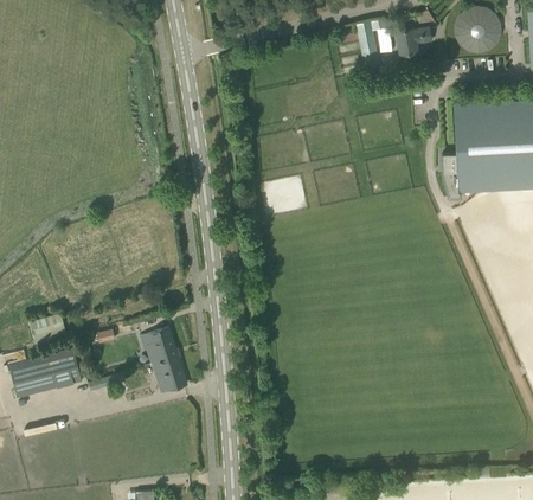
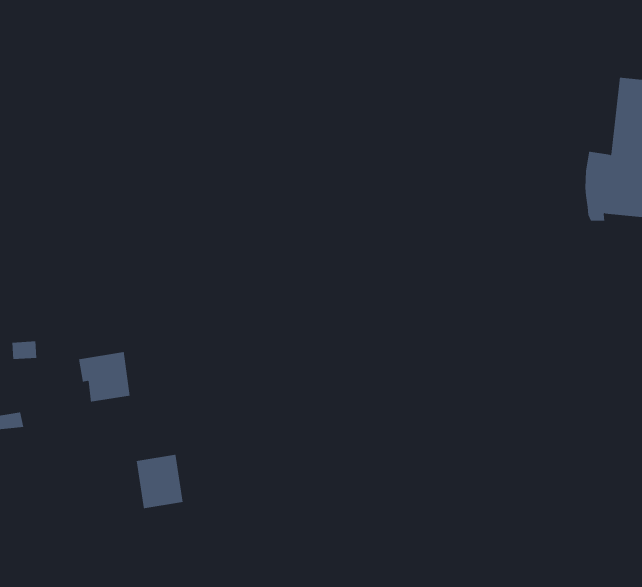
building: [153,354,187,392] -> [136,454,184,509]

